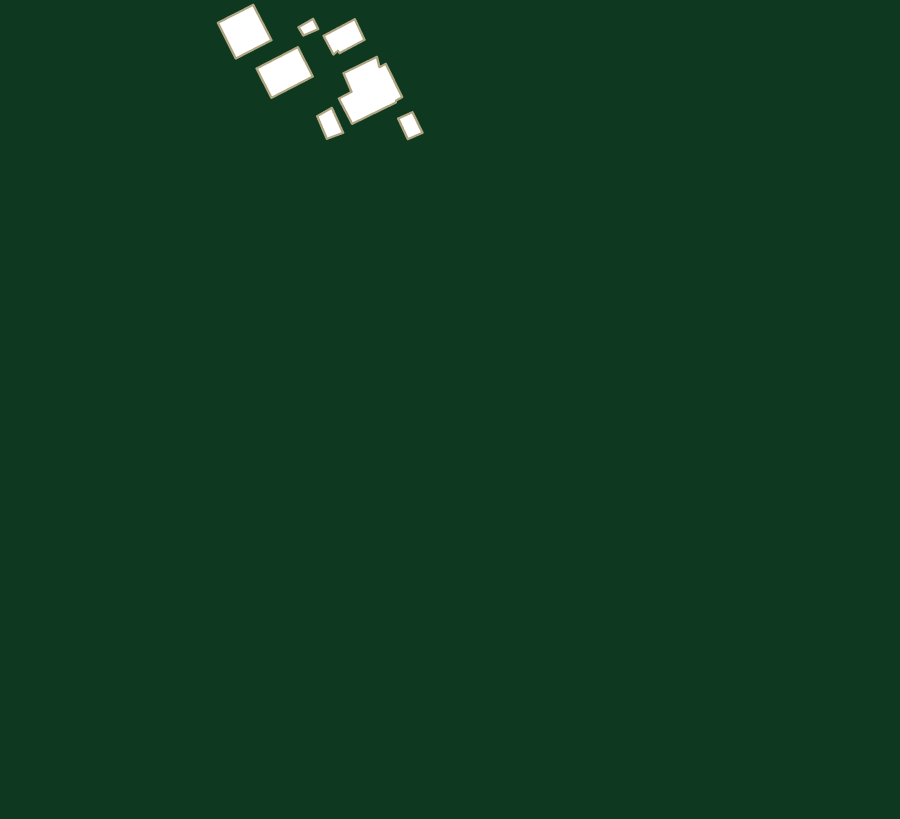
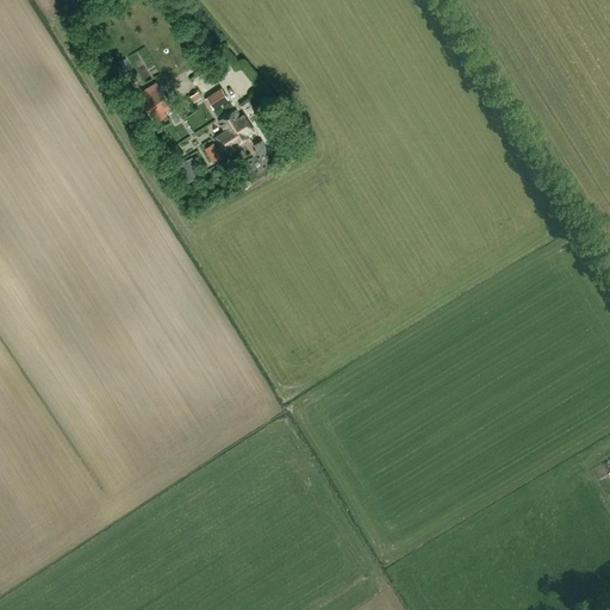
building: [257,47,313,98] -> none

